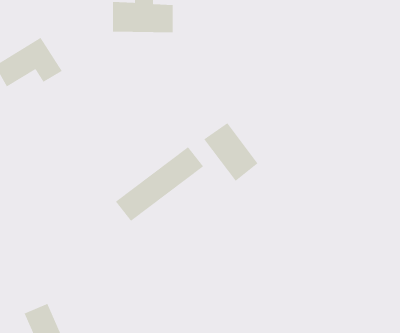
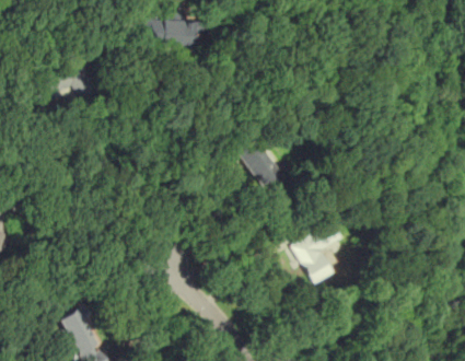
building: [115,146,204,222] -> none
building: none -> [293,222,342,284]

